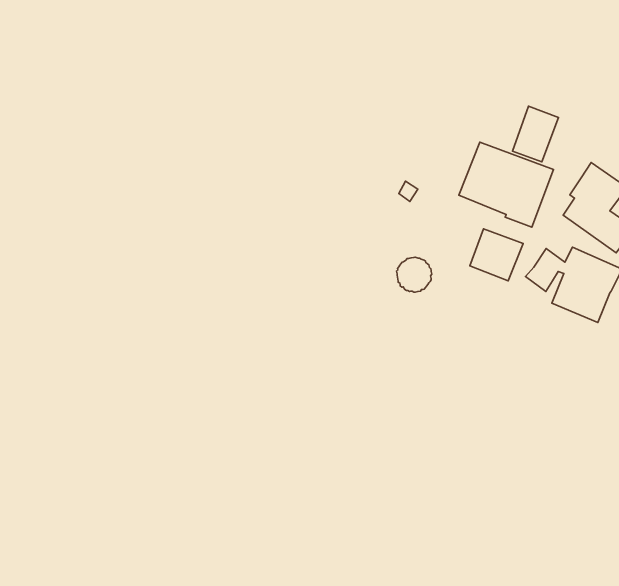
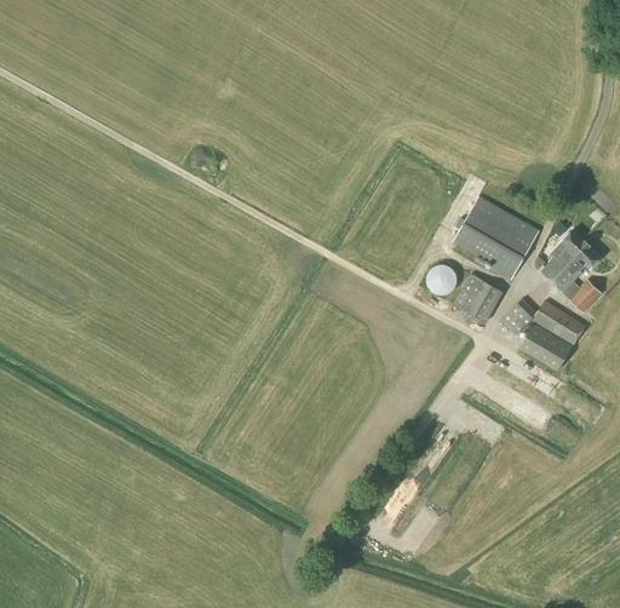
building: [513,106,559,162] -> none
building: [397,257,432,292] -> [426,264,457,294]

